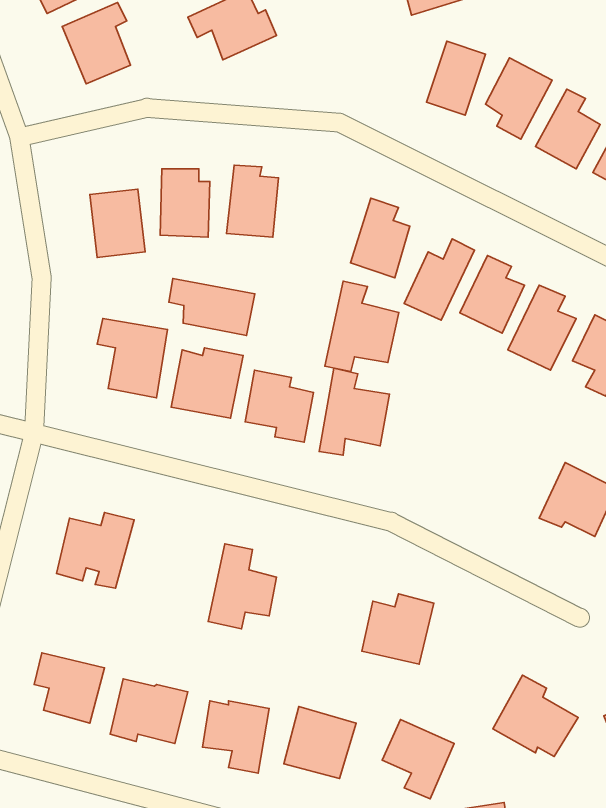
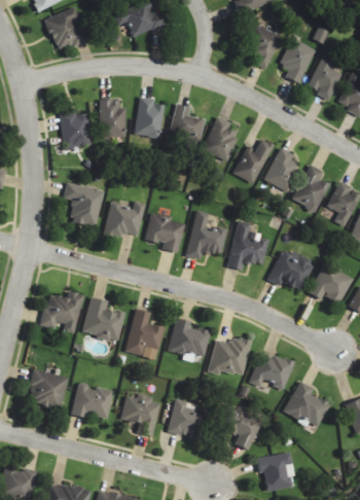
building: none -> [169,104,204,141]
building: [169,278,255,336] -> none
building: [325,281,399,372] -> [227,220,268,271]
building: none -> [267,248,313,290]
building: none -> [81,297,123,342]
building: none -> [168,318,210,362]
building: none -> [250,351,293,390]

